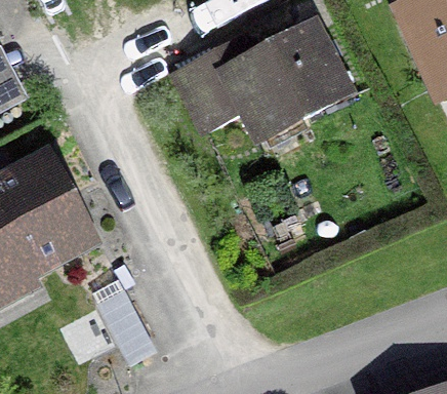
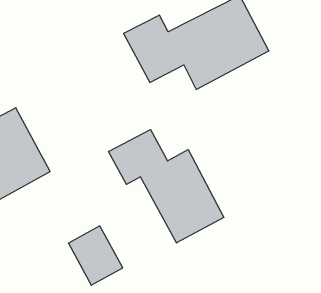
building: none -> [108,130,224,243]

